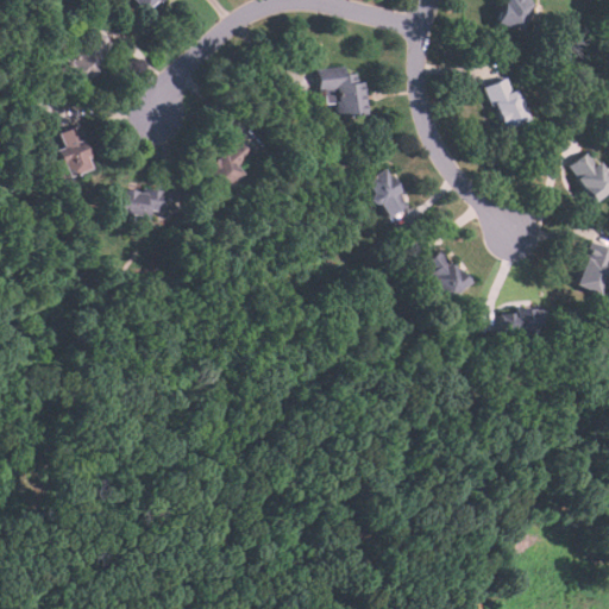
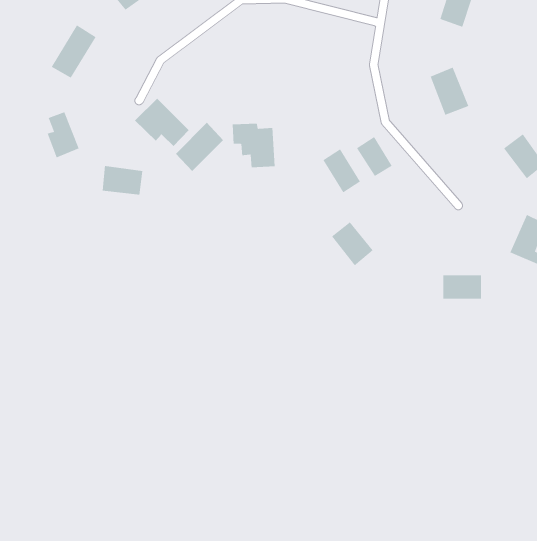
building: [319,65,368,115] -> [232,123,275,168]
building: none -> [134,98,189,147]
building: none -> [356,136,393,177]
building: [423,249,471,299] -> [331,222,373,266]

